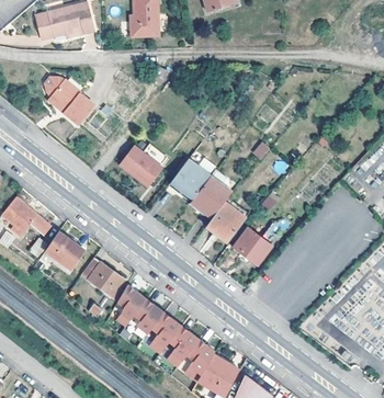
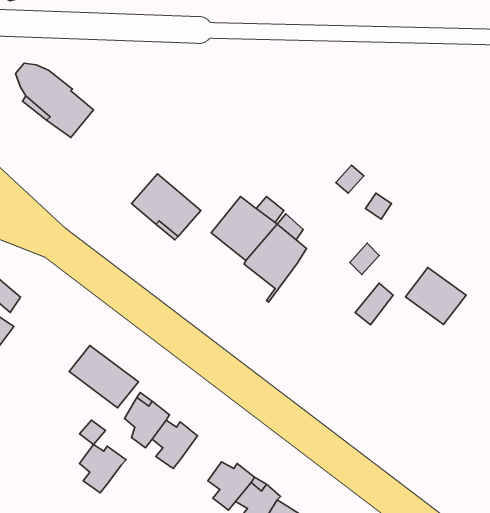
building: [207,204,246,242] -> none
building: [233,229,271,265] -> [405,267,466,325]
building: [46,231,84,269] -> none
building: [151,317,181,348] -> [80,444,126,493]

